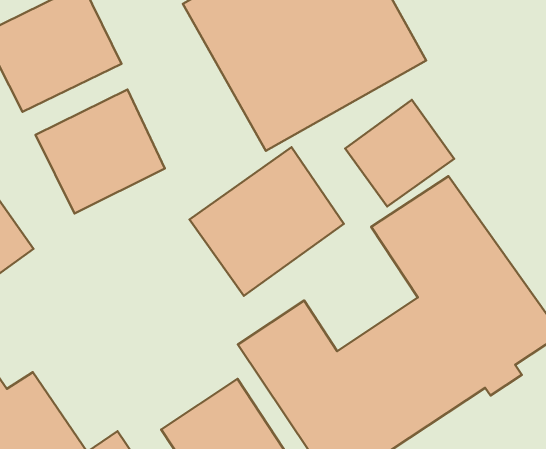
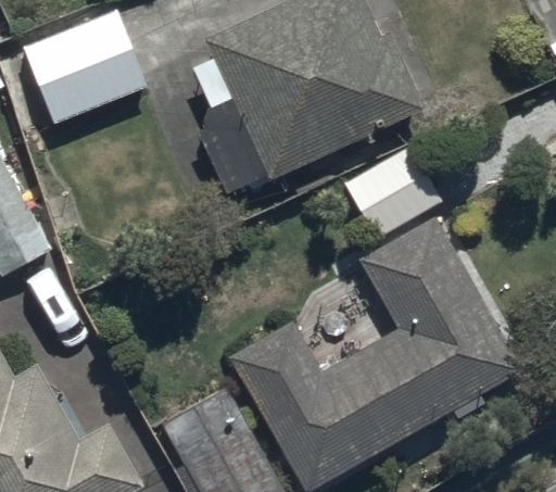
building: [36,90,165,214] -> none
building: [189,147,344,296] -> none

